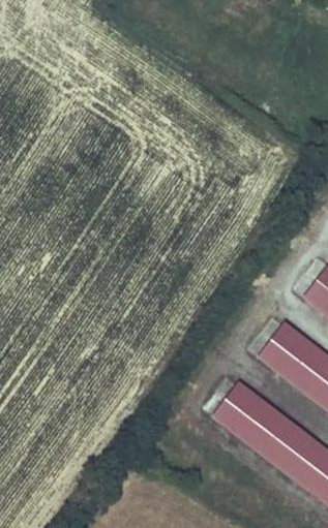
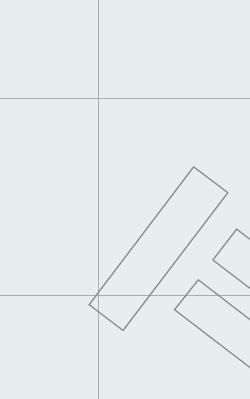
building: none -> [89,167,228,330]

